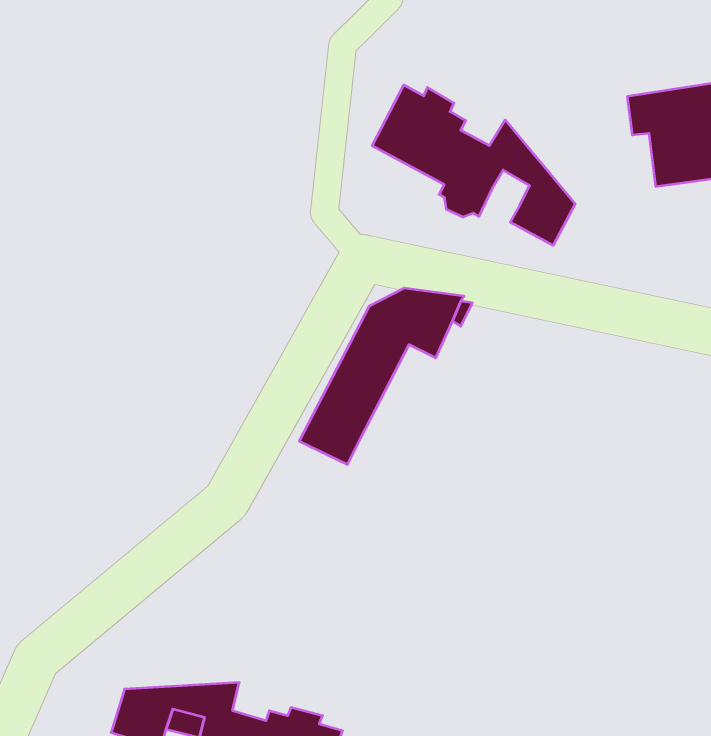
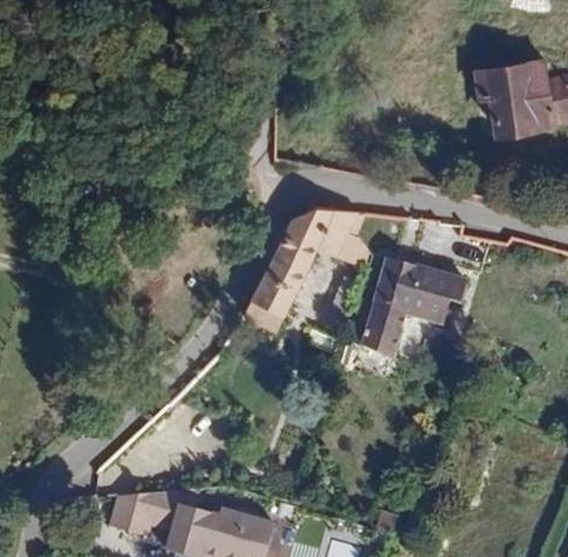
building: [372,85,575,245] -> none
building: none -> [352,261,467,360]

